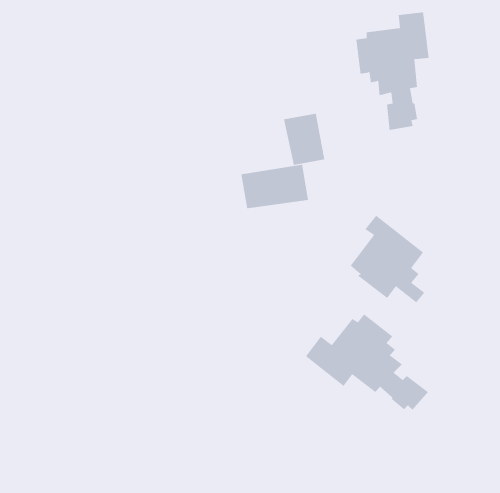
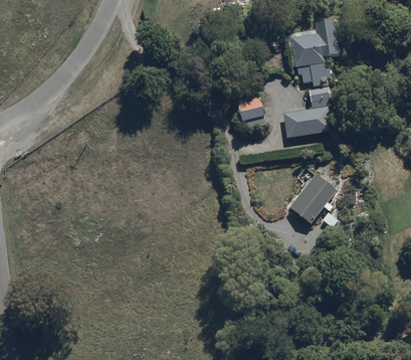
building: [241,164,309,209] -> [283,106,331,137]
building: [305,314,429,410] -> none

